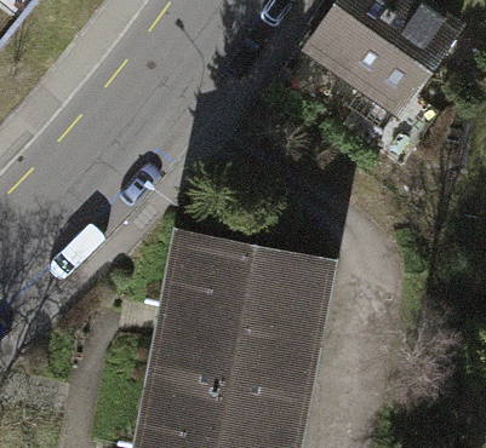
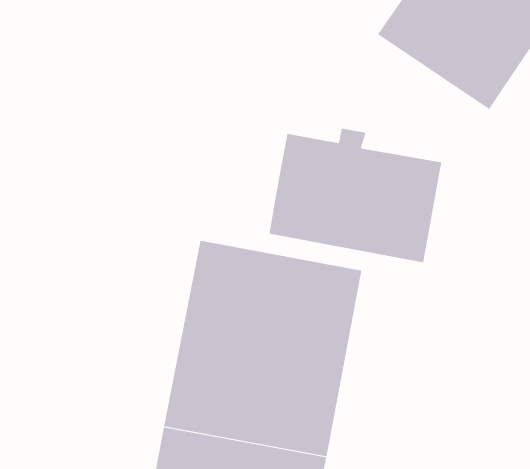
building: none -> [269,128,442,263]

